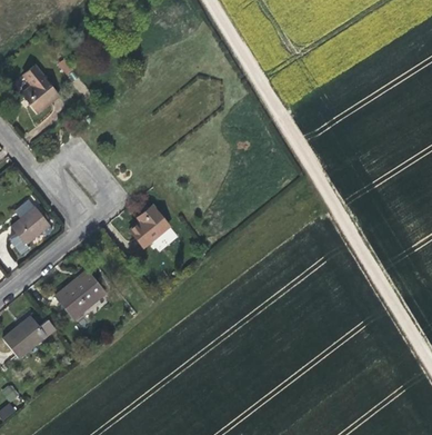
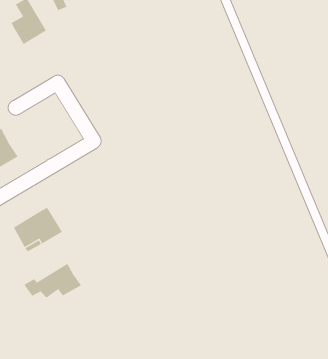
building: [130,205,170,247] -> none
building: none -> [24,263,82,298]

